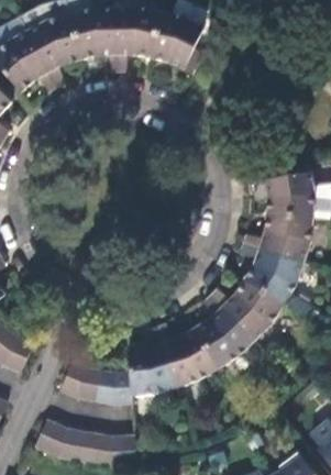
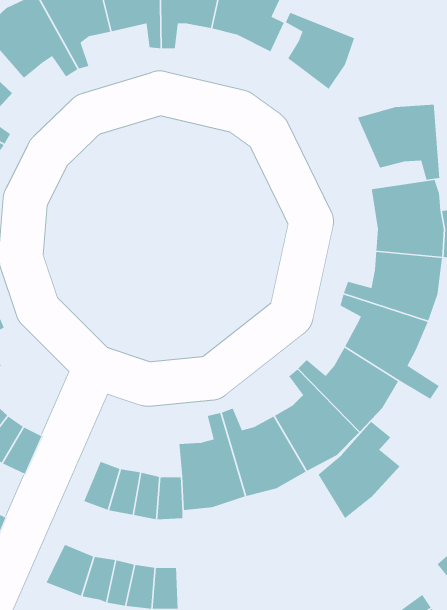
building: none -> [285,12,355,90]
building: none -> [357,104,440,180]
building: none -> [318,421,400,519]

